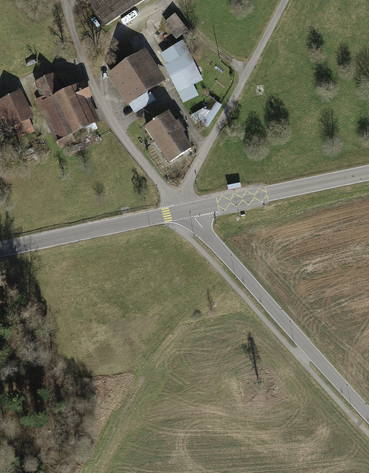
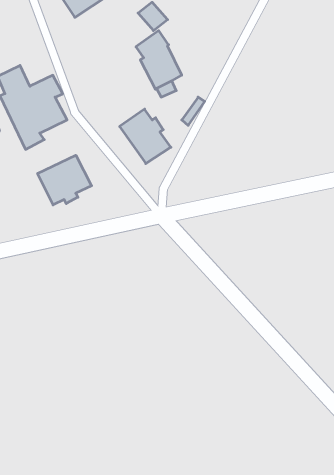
building: [104,47,163,111] -> none
building: none -> [38,155,92,205]

